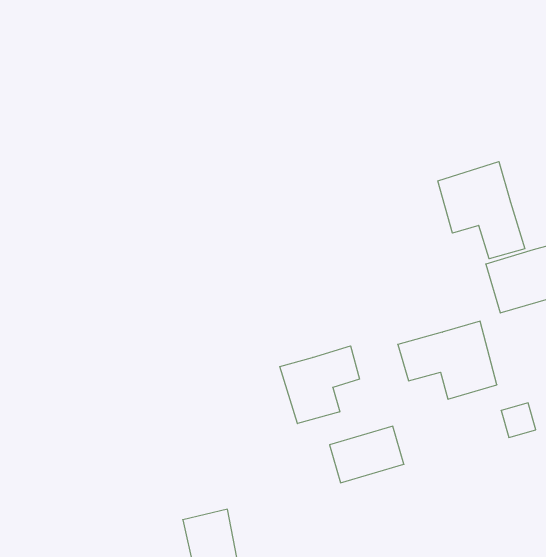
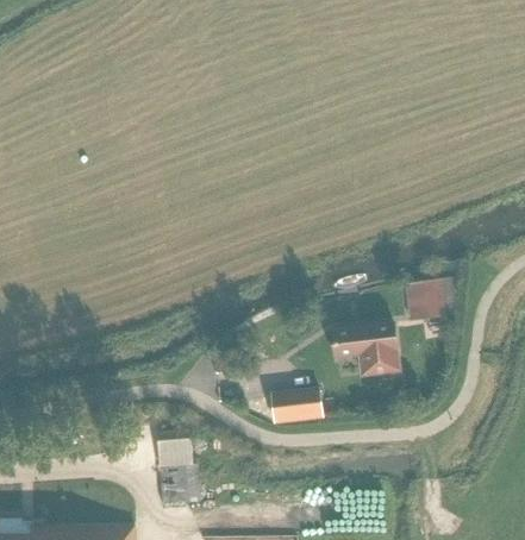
building: [438,162,525,259] -> none
building: [280,346,360,424] -> none

